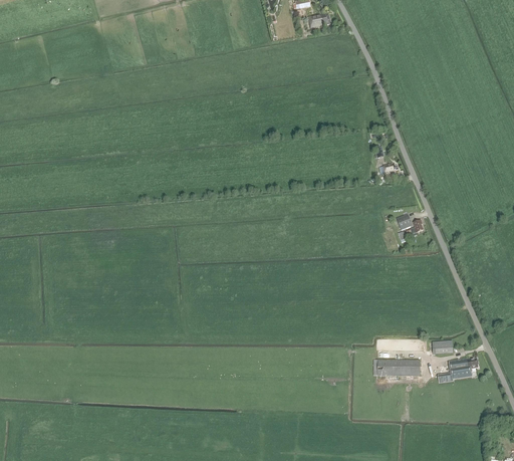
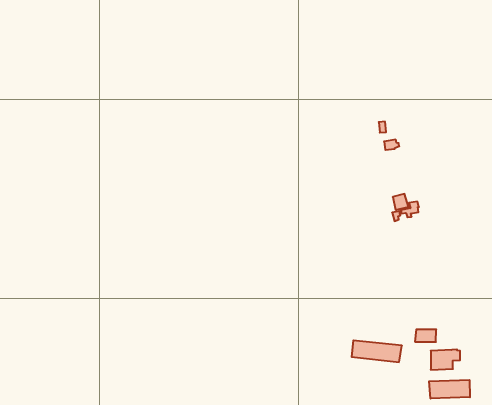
building: none -> [429,380,470,399]

